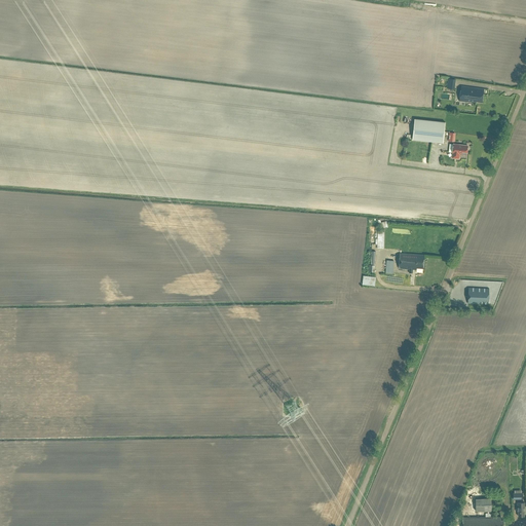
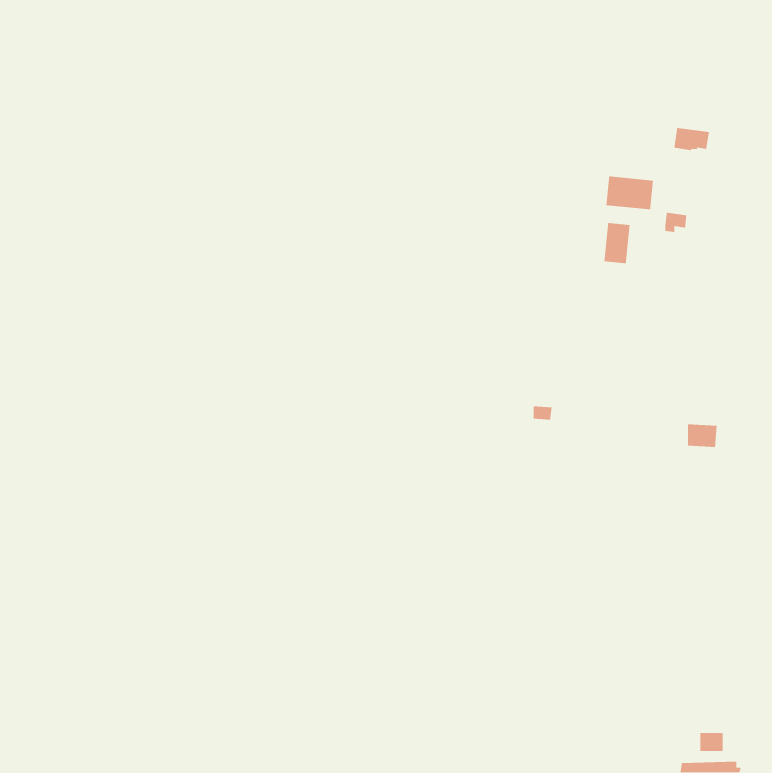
building: none -> [604,222,631,264]
building: [398,253,423,273] -> none

